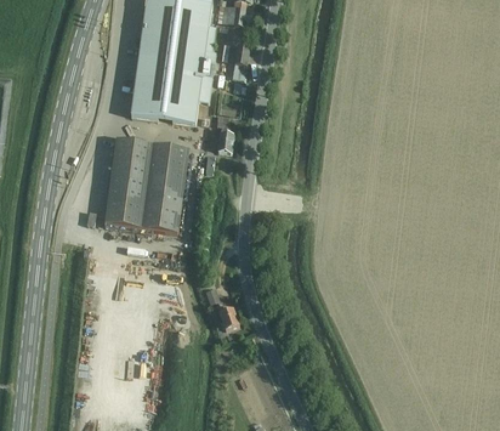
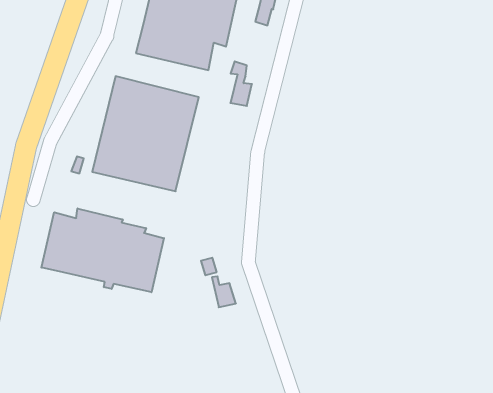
building: none -> [41,208,164,292]

